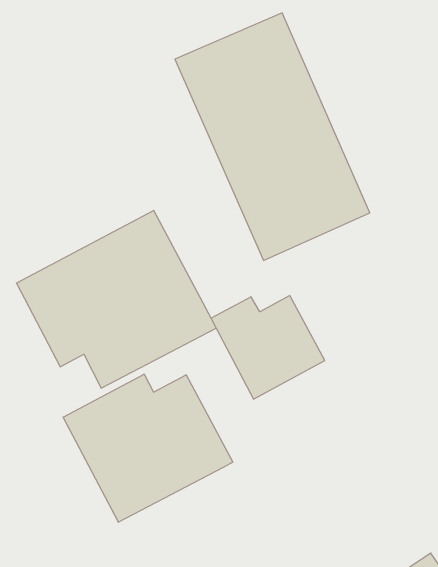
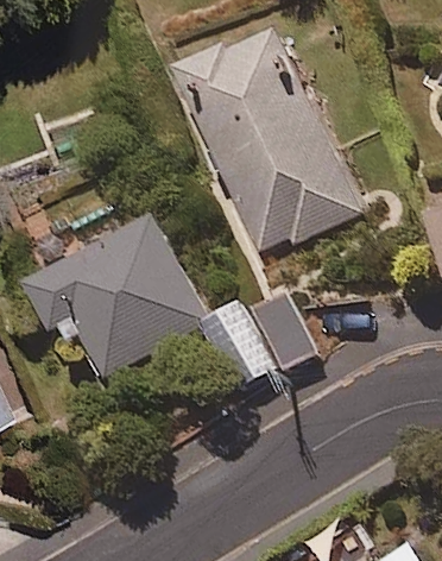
building: [63,374,233,522] -> none

